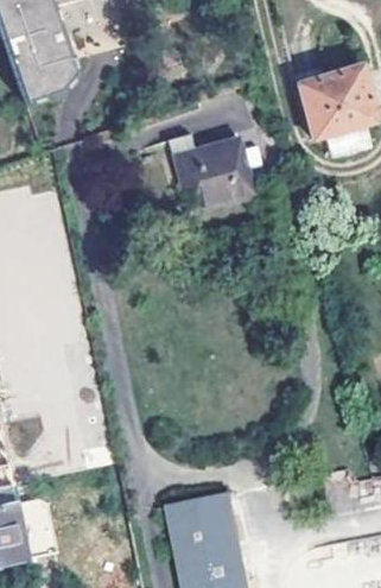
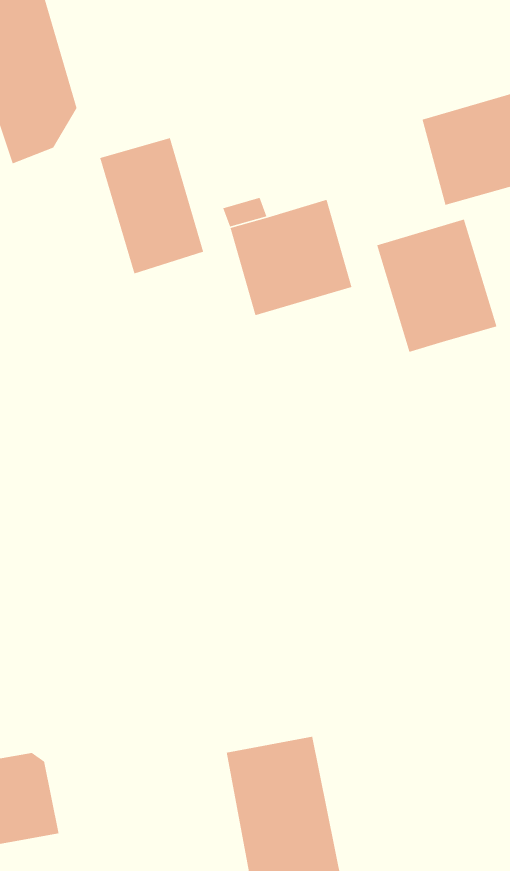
building: none -> [99,137,204,274]
building: none -> [376,219,497,353]

